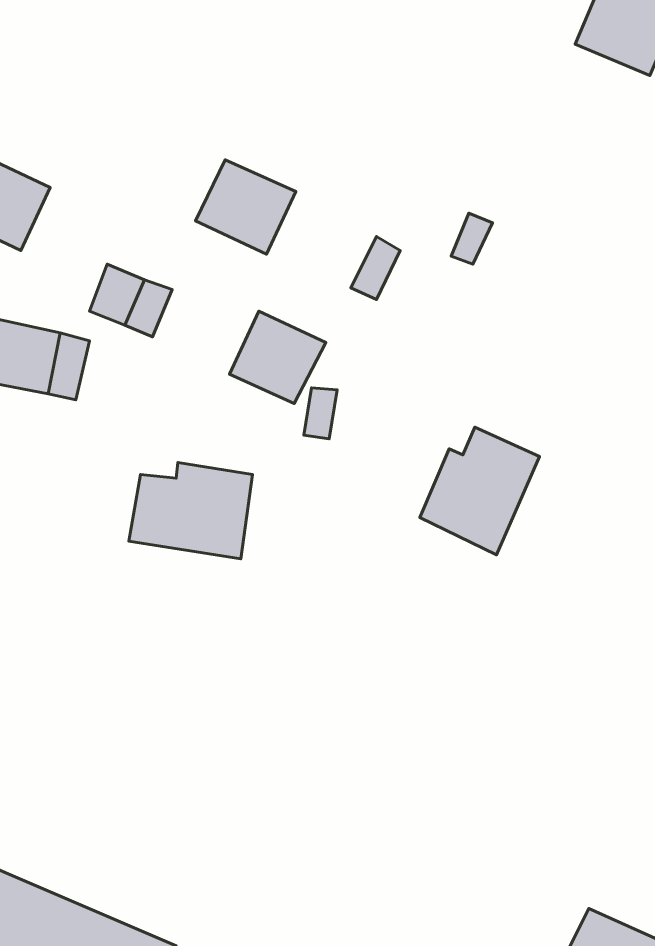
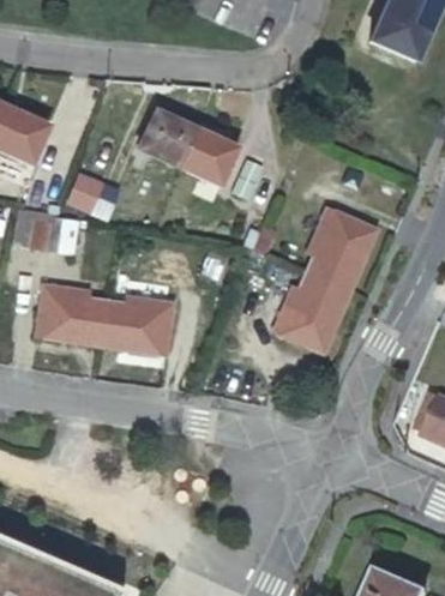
building: [229,311,326,403] -> [181,130,240,186]
building: none -> [308,204,378,291]
building: none -> [37,284,104,343]

